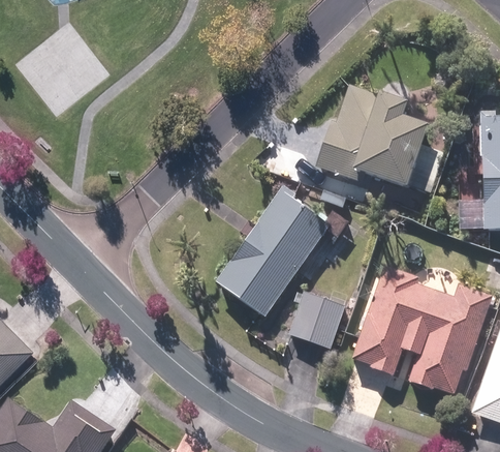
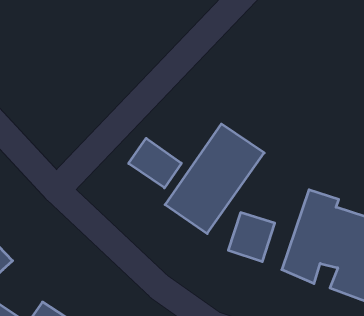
building: [317,86,426,193] -> none
building: none -> [129,138,181,188]

